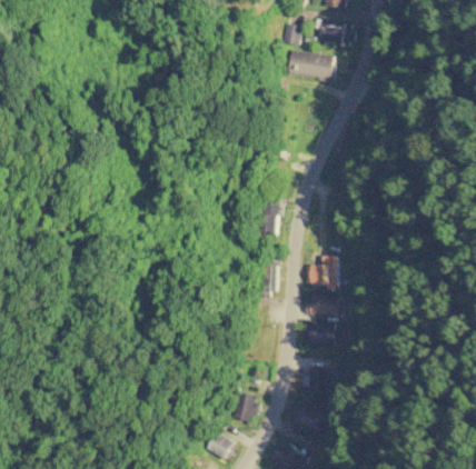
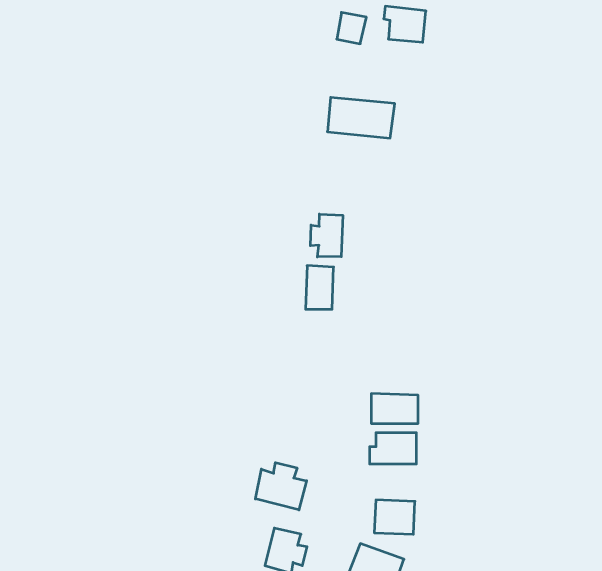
building: [289,51,337,80] -> [327,97,395,138]
building: none -> [310,214,343,257]
building: [307,256,339,289] -> none
building: none -> [255,463,307,510]

